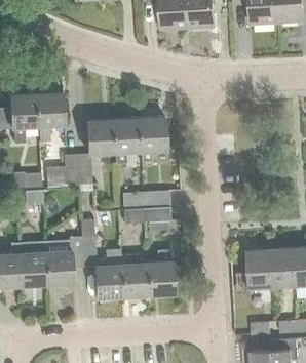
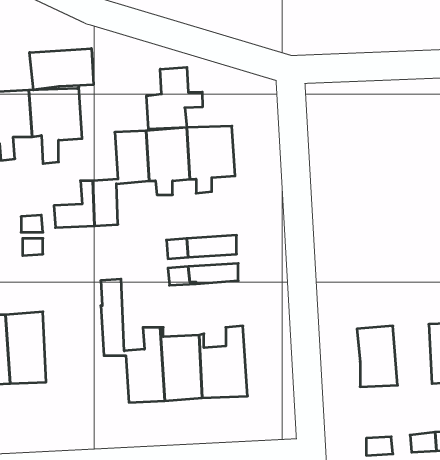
building: none -> [30,48,93,90]
building: none -> [146,67,202,129]
building: [39,236,79,286] -> none
building: [269,248,295,288] -> none

